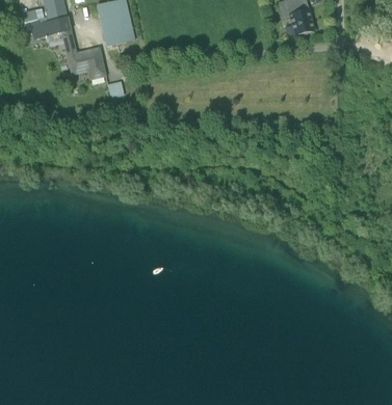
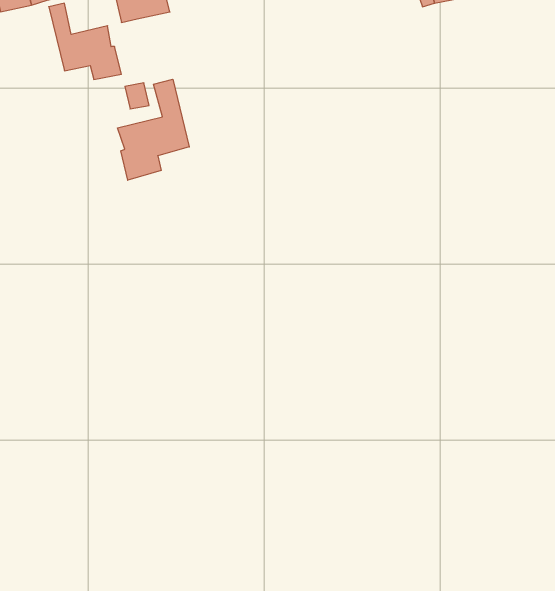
building: none -> [118,79,189,180]

